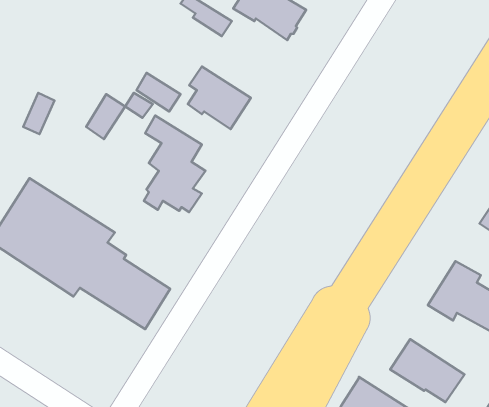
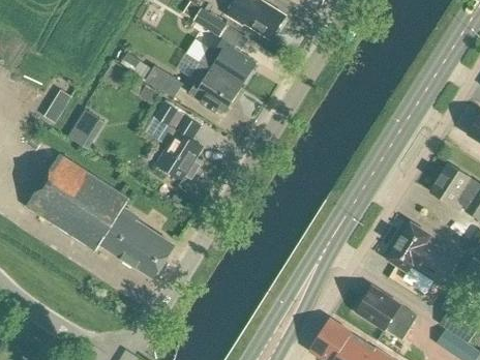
building: none -> [201,25,258,87]
building: [86,94,125,139] -> [68,109,100,146]

